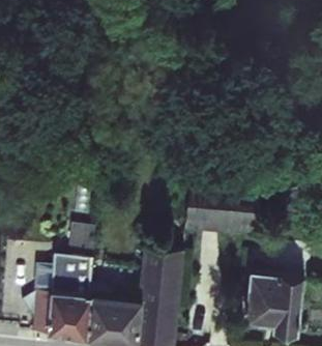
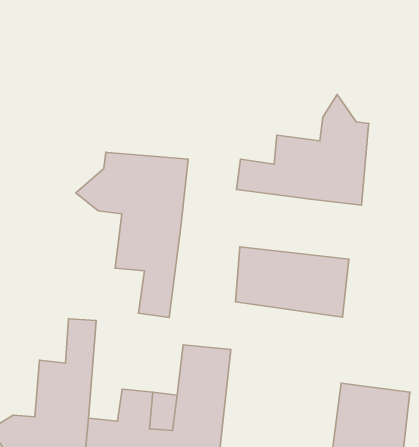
building: none -> [237,95,369,205]
building: none -> [76,152,188,318]

